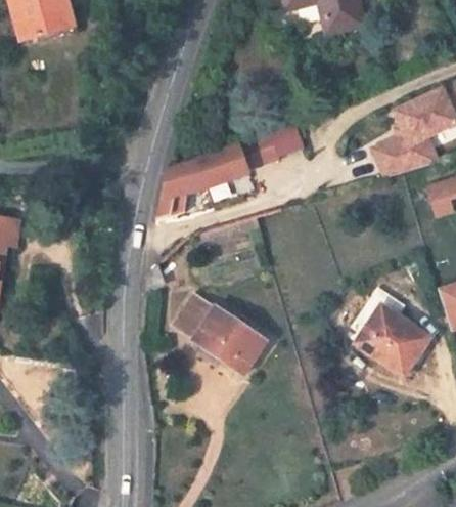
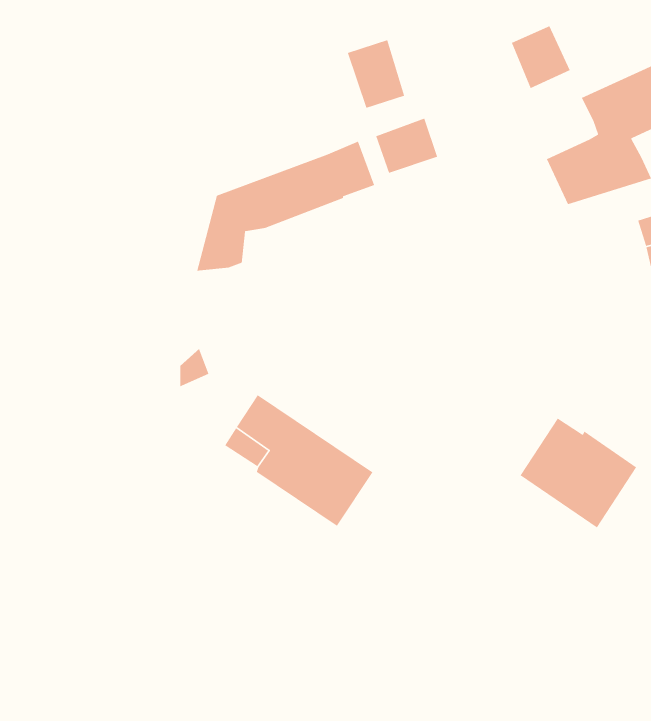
building: none -> [511,25,571,89]
building: none -> [347,39,405,109]

